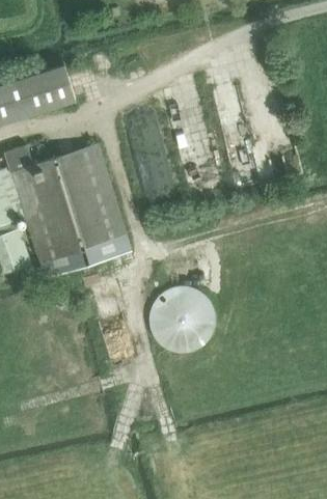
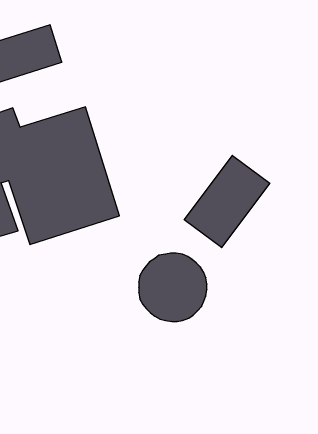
building: none -> [184,155,270,248]

